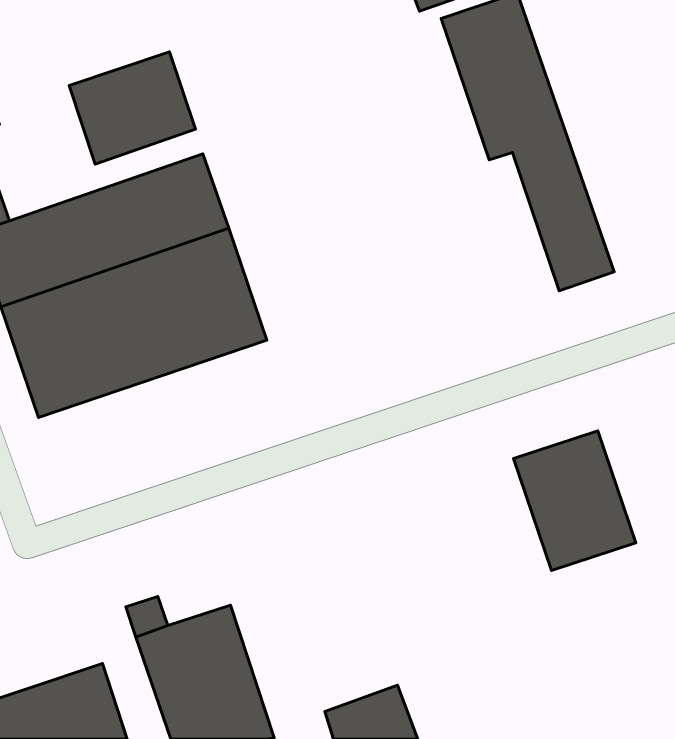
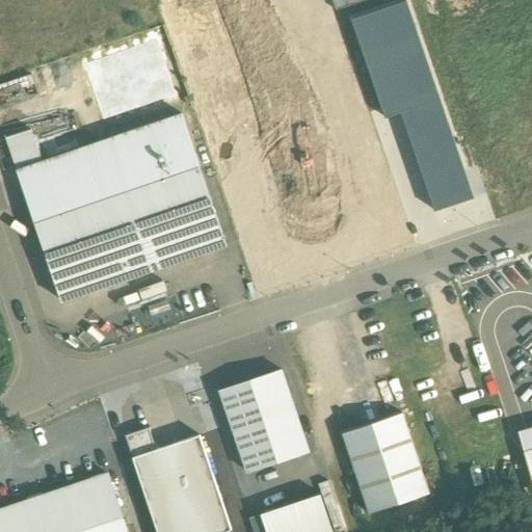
building: [514,431,636,571] -> [342,414,429,513]
building: none -> [219,371,309,472]

